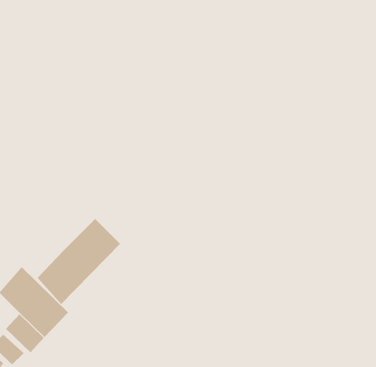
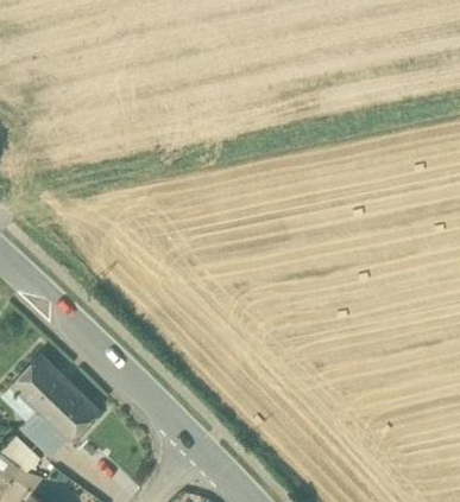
building: [37,218,121,305] -> none

